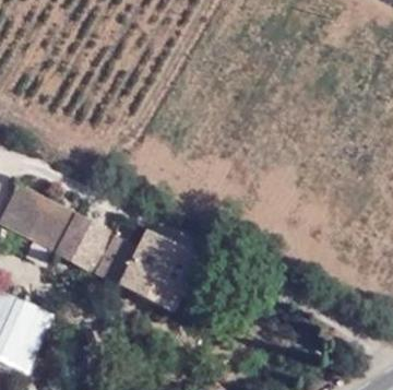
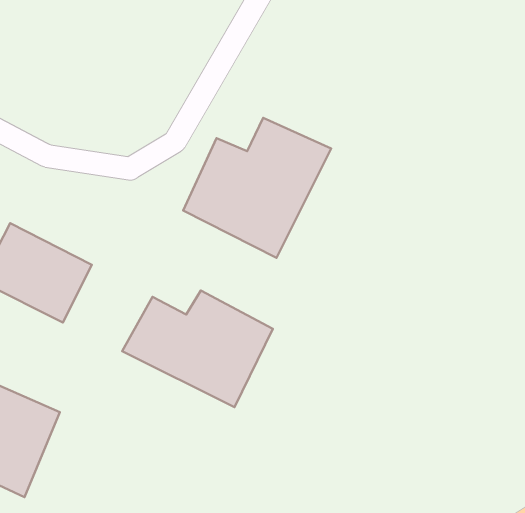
building: none -> [183,118,331,258]
building: [55,212,107,265] -> none

